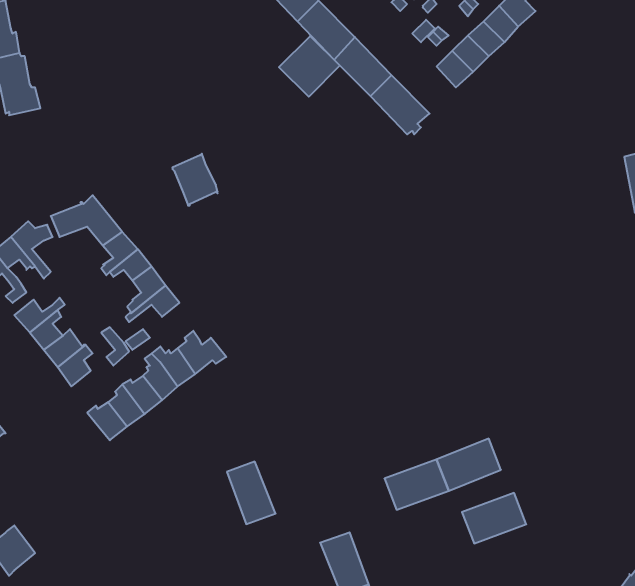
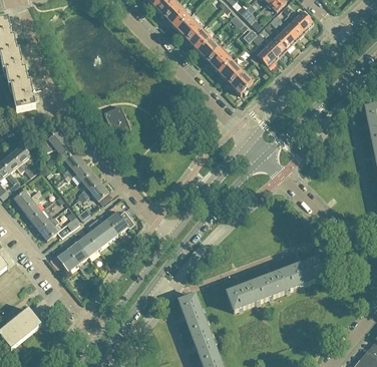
building: [279,36,340,97] -> none
building: none -> [10,79,35,110]
building: [227,462,276,524] -> [178,294,207,330]
building: [462,493,526,543] -> [287,259,324,288]
building: none -> [13,308,41,336]

